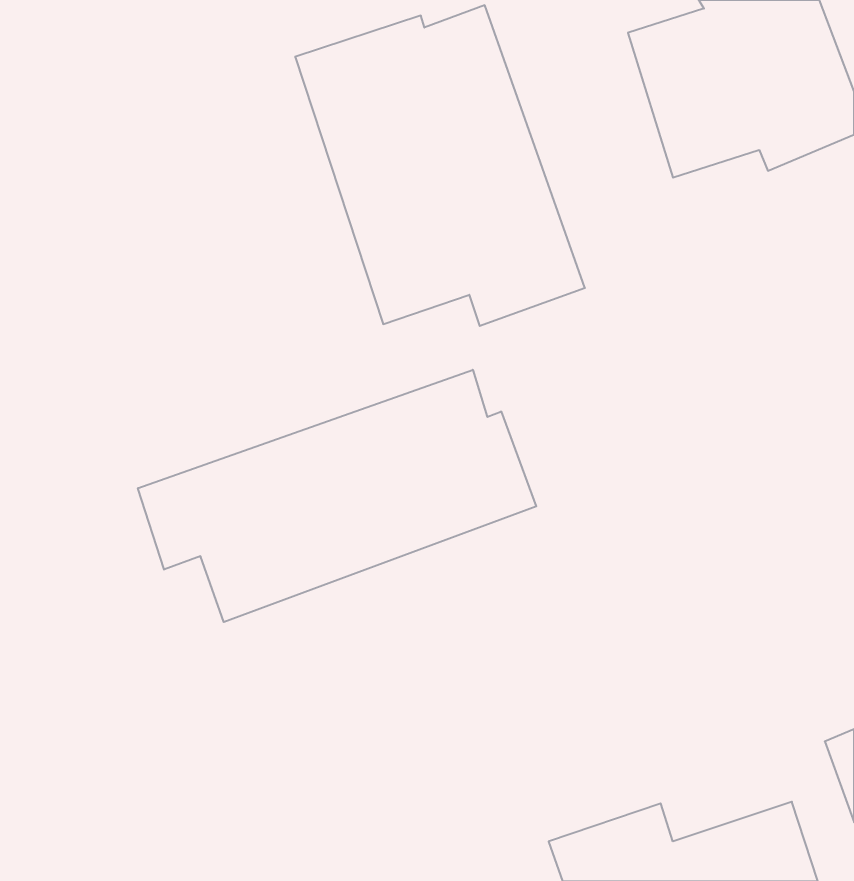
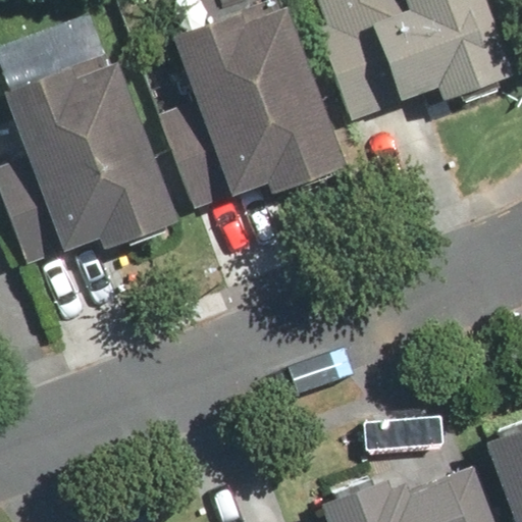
building: none -> [7,56,174,246]
building: [138,370,536,622] -> none

